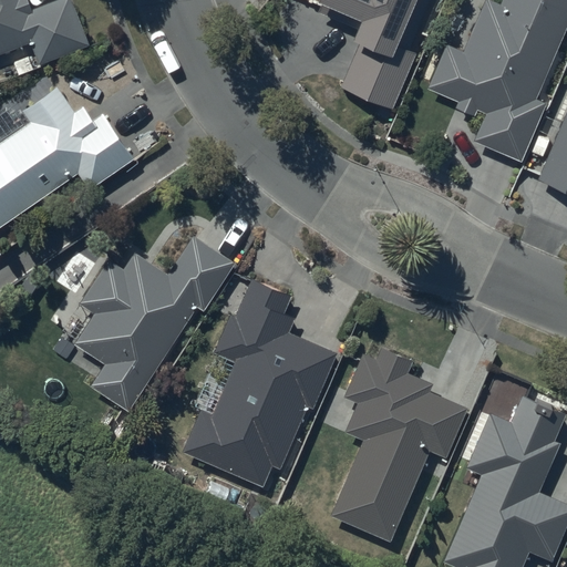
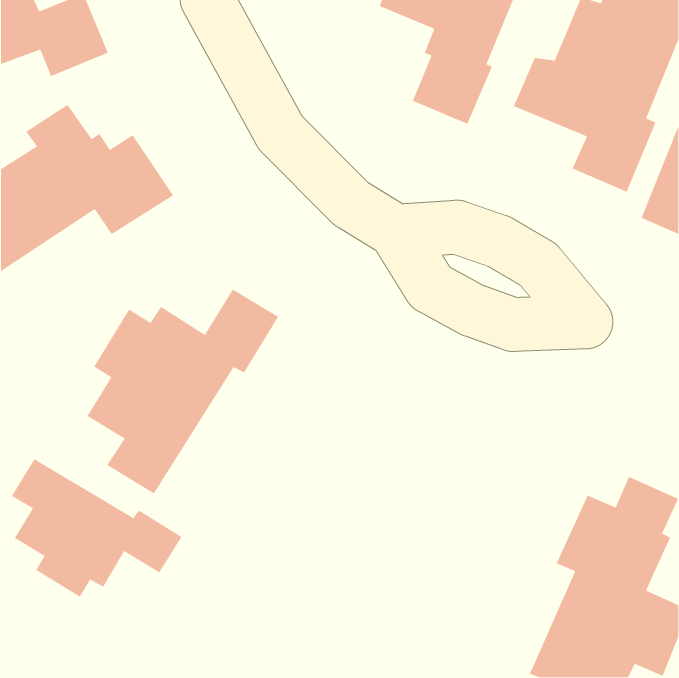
building: [186,278,336,482] -> none
building: [332,346,466,538] -> none
building: none -> [11,458,182,598]

